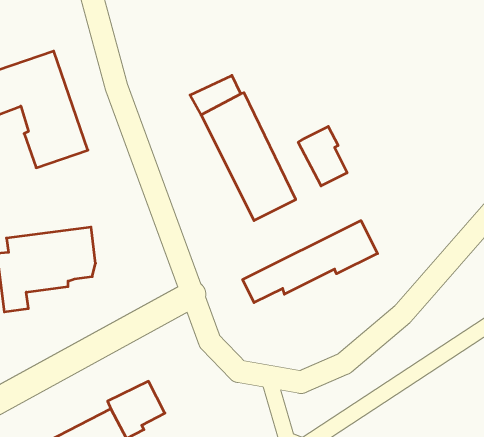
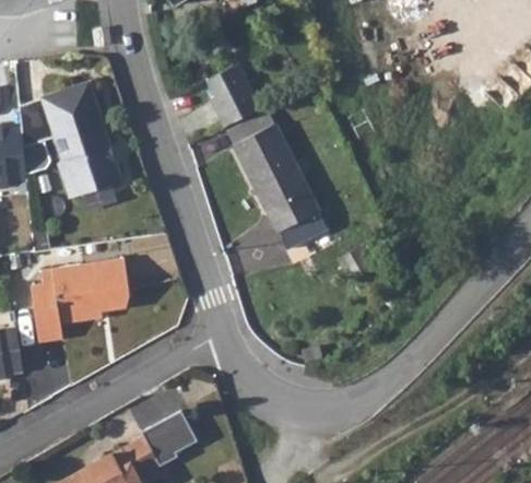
building: none -> [208,64,263,127]
building: [298,126,347,186] -> none
building: [243,221,378,303] -> none

